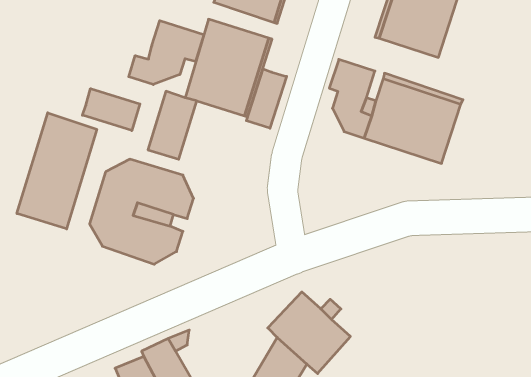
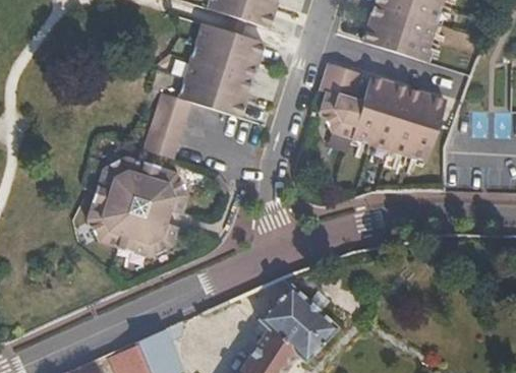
building: [129,21,204,85] -> none
building: [246,69,287,128] -> none
building: [82,89,140,131] -> none
building: [17,113,97,229] -> none

